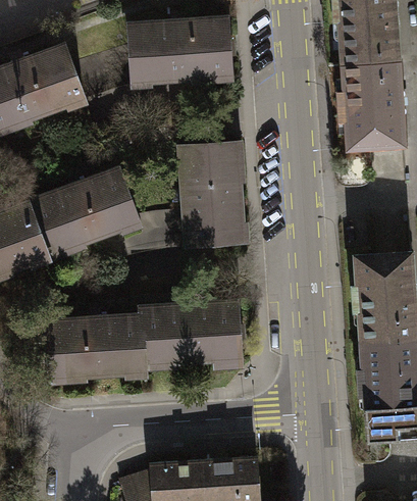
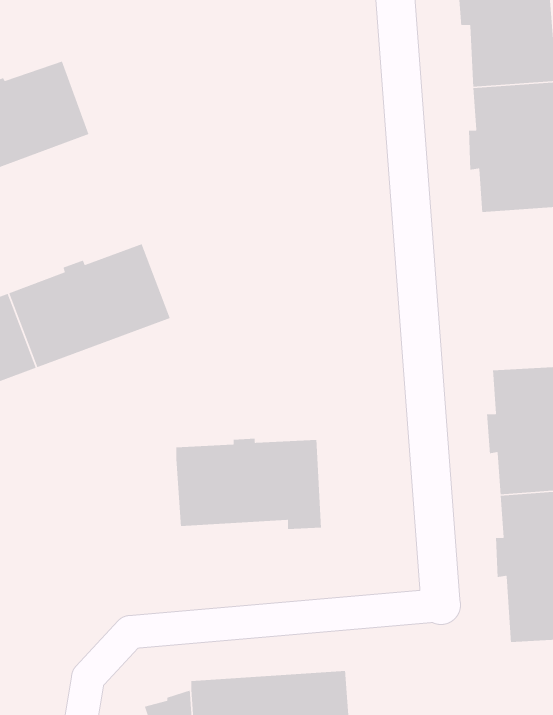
building: [131,19,231,82] -> none
building: [181,144,242,245] -> none
building: [46,315,145,384] -> none

